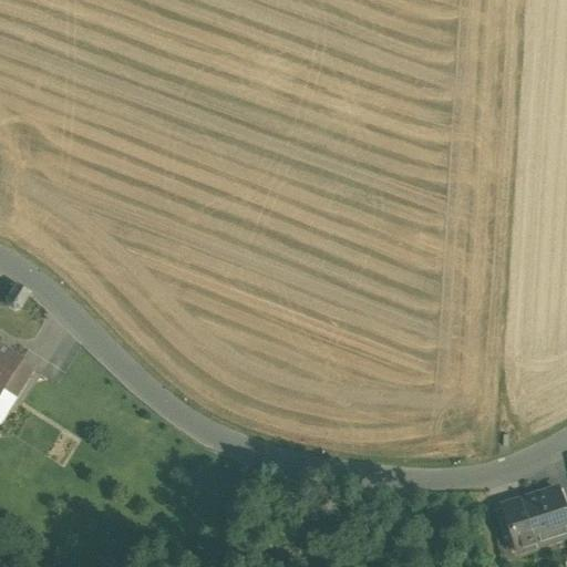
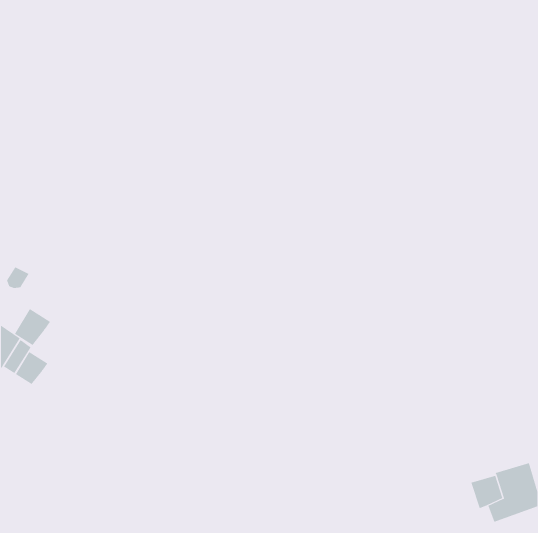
building: none -> [14,308,51,346]
building: none -> [15,351,48,385]

